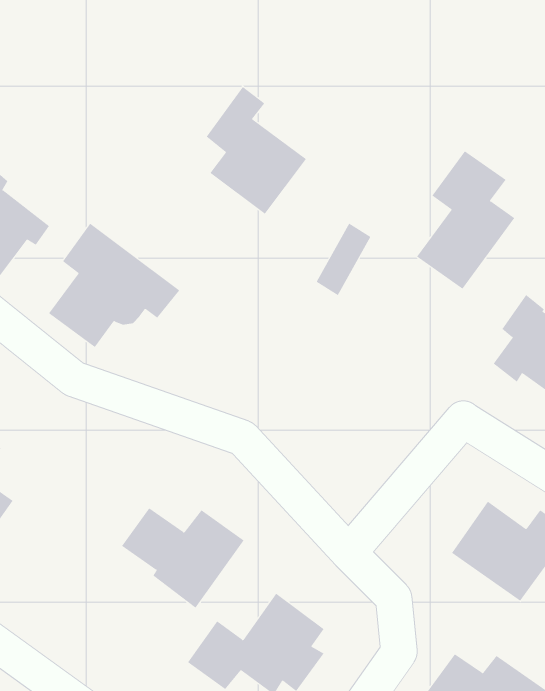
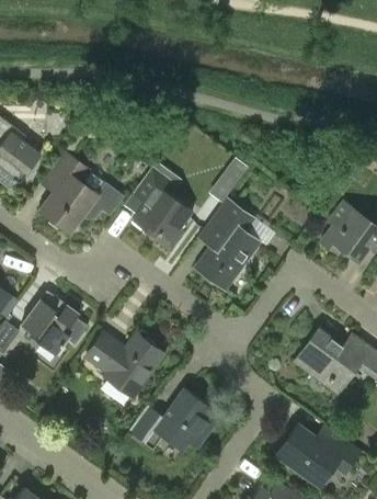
building: [206,86,307,215] -> [130,166,194,247]
building: [416,150,515,289] -> [197,201,260,288]
building: none -> [22,290,82,355]

